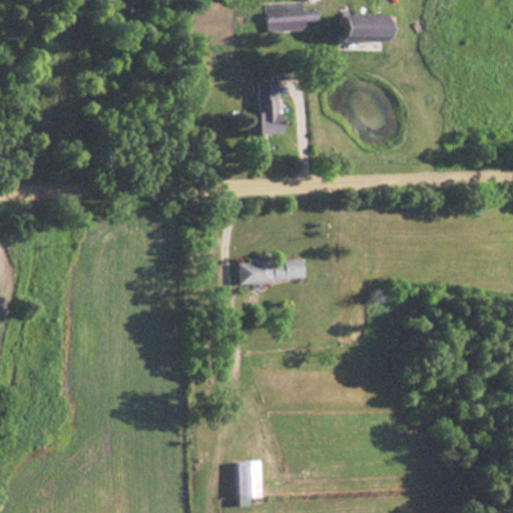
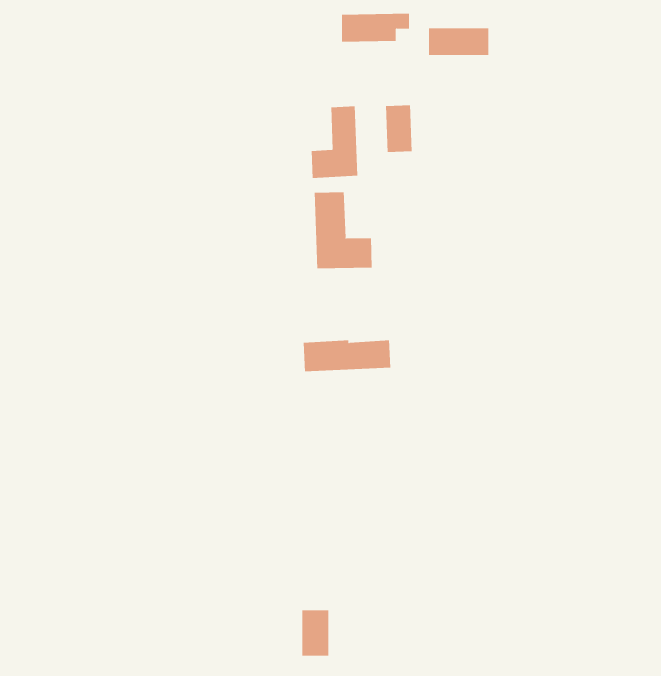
building: none -> [385,105,412,153]
building: none -> [314,192,372,269]

